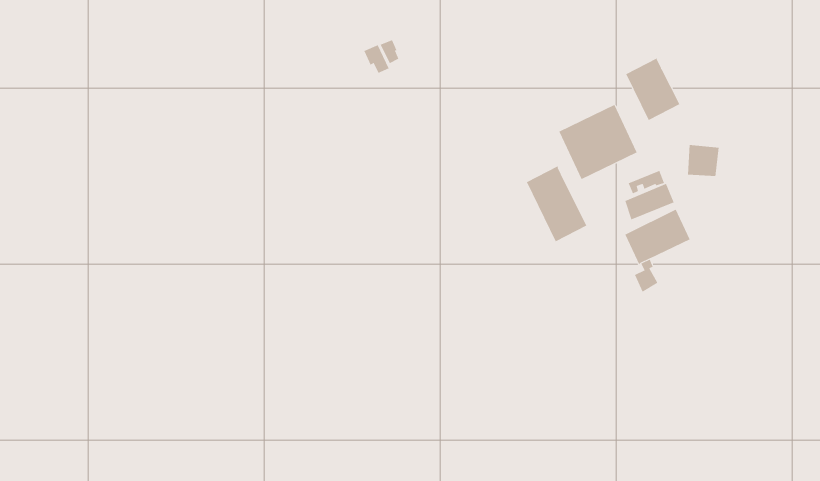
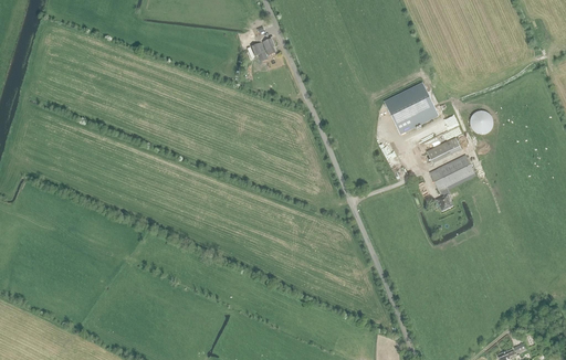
building: [626,58,680,121] -> none
building: [526,166,587,242] -> none

